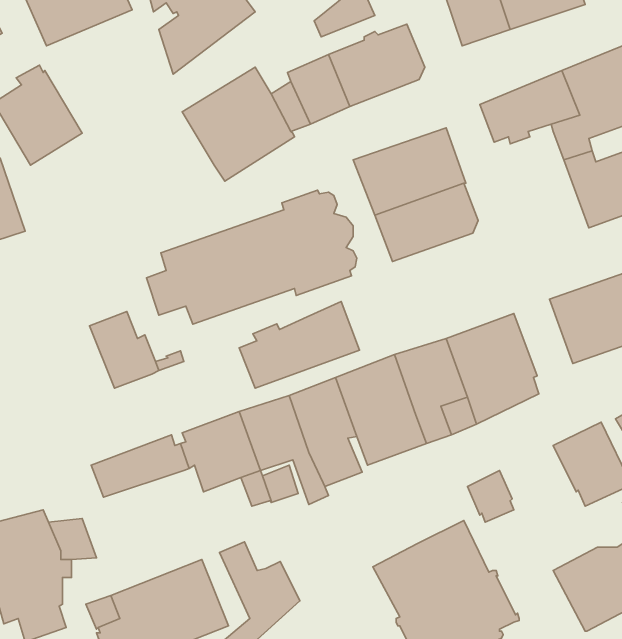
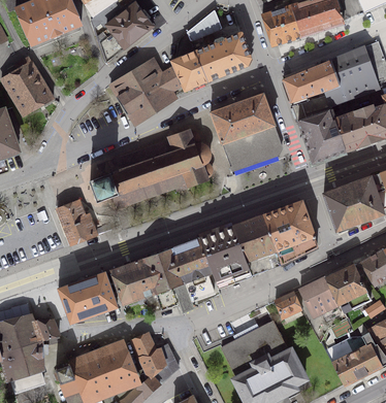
building: none -> [292,96,346,164]
building: [239,301,360,388] -> none
building: none -> [300,277,339,316]
building: none -> [65,292,118,323]

